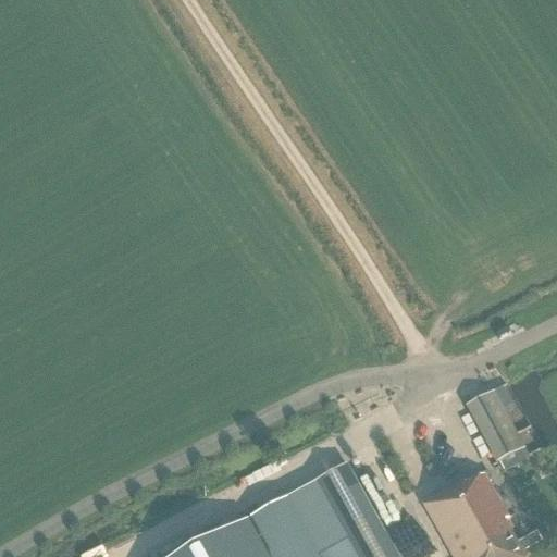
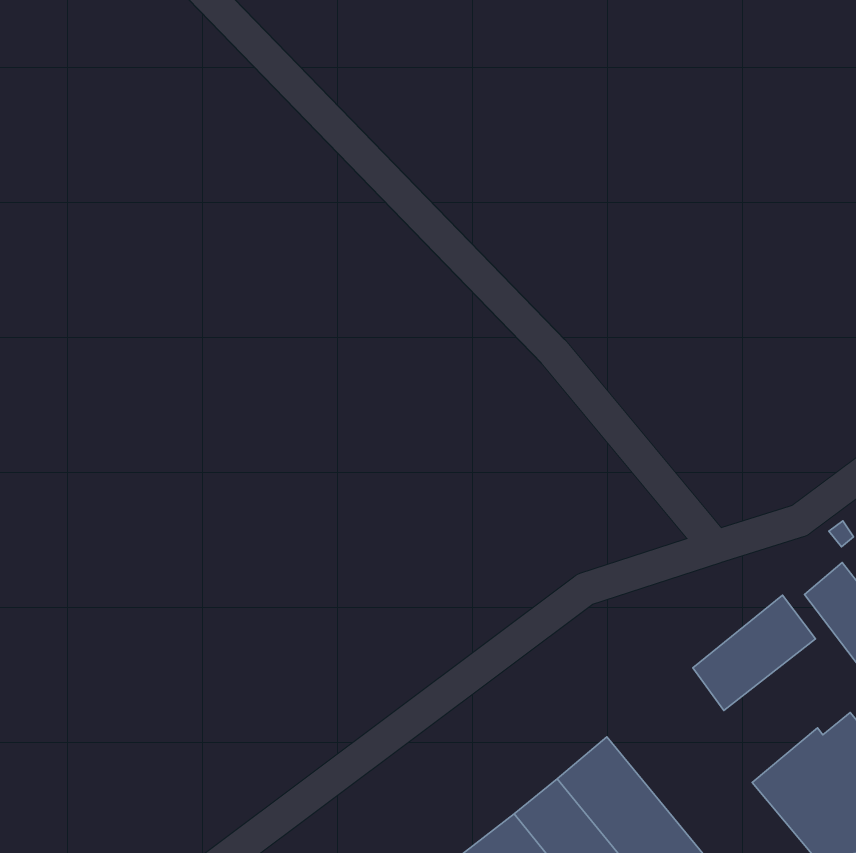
building: none -> [693,595,815,711]

